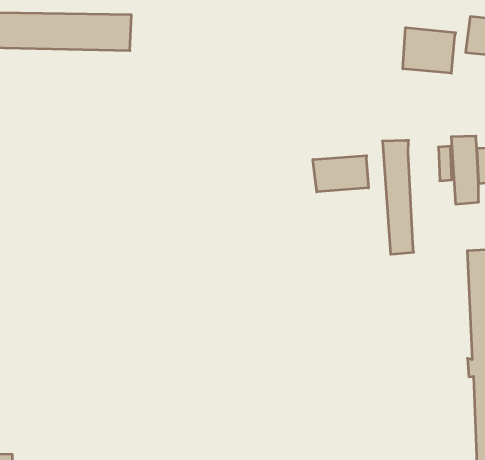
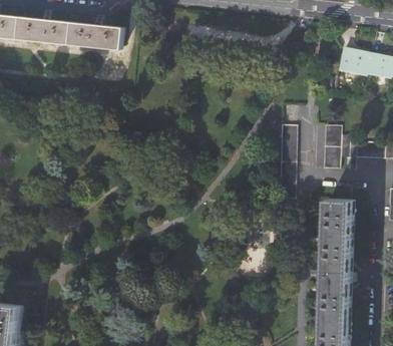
building: [403,28,456,73] -> none
building: [313,156,368,192] -> none

